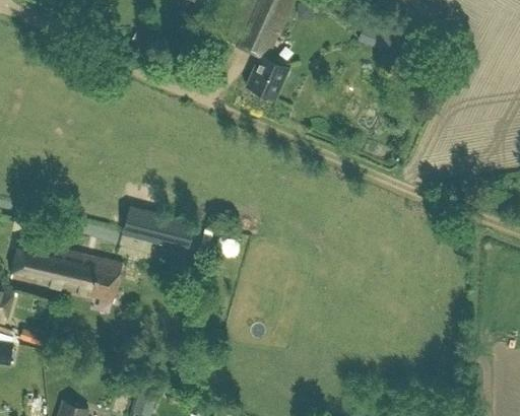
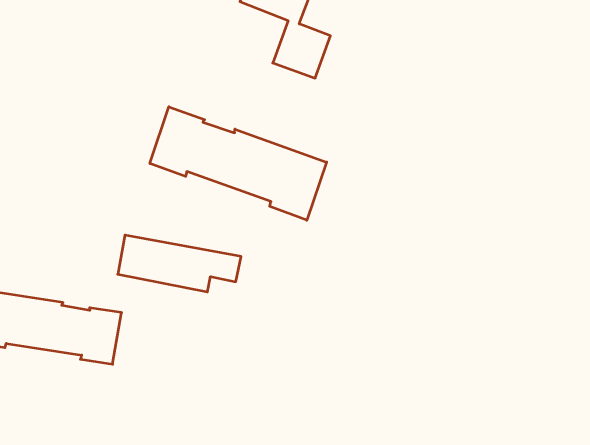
building: none -> [150,107,327,220]

